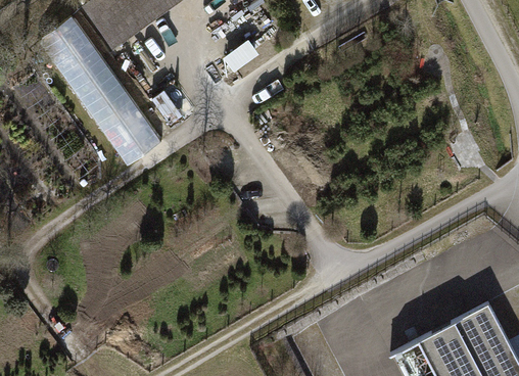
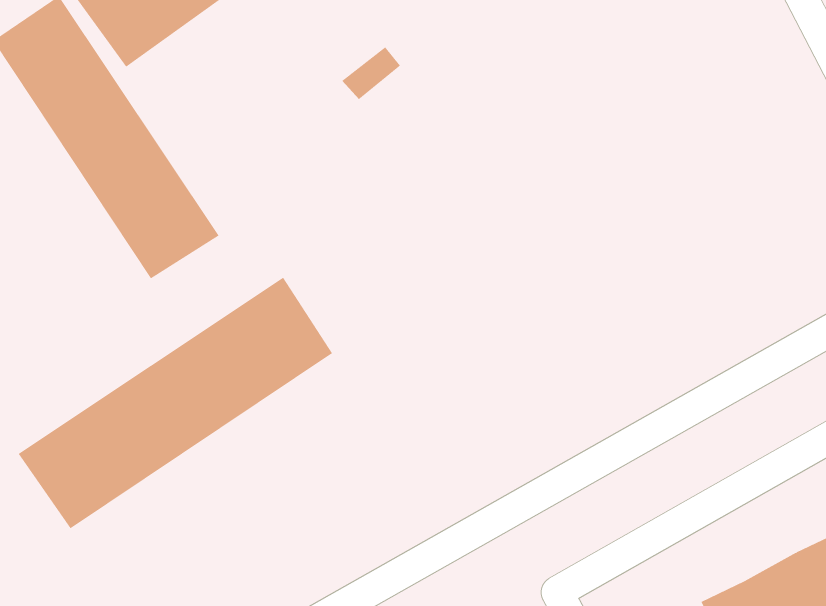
building: none -> [18,277,333,529]

